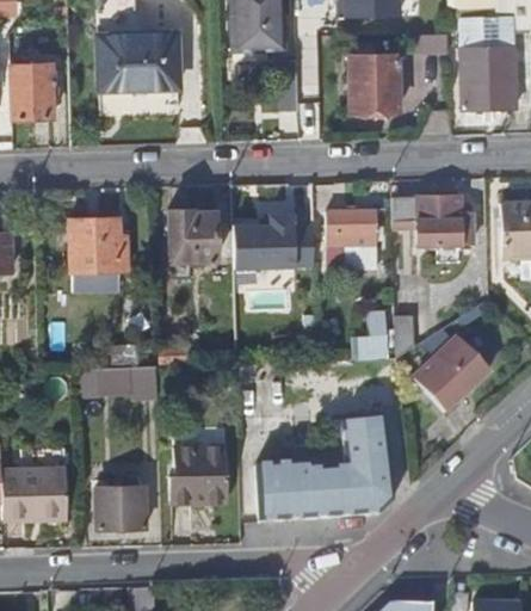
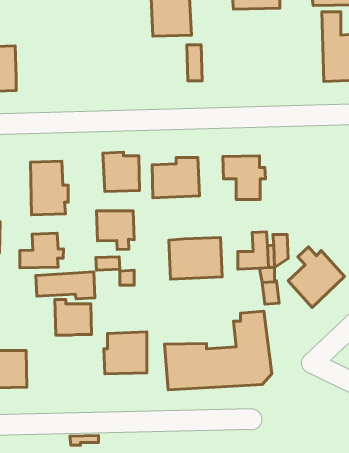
building: [103,36,184,117] -> none
building: [350,54,401,110] -> none
building: [393,192,473,254] -> none
building: none -> [97,211,134,249]
building: none -> [20,233,64,268]
building: none -> [169,237,222,279]
building: [98,480,147,527] -> [55,300,92,335]

